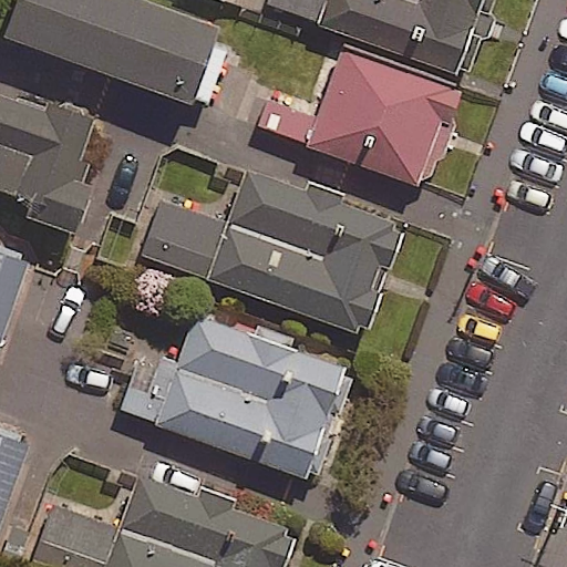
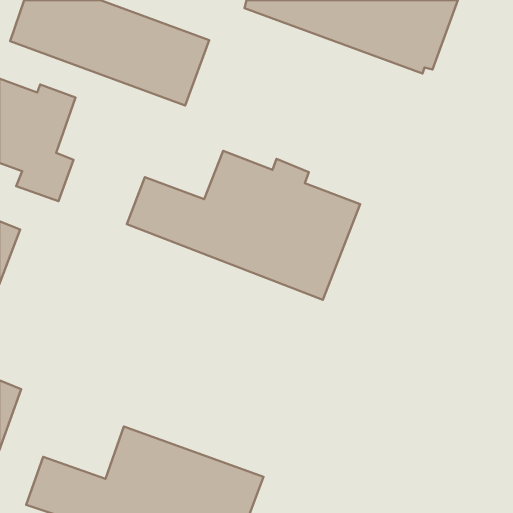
building: [258,55,467,197] -> none
building: [117,310,348,474] -> none

